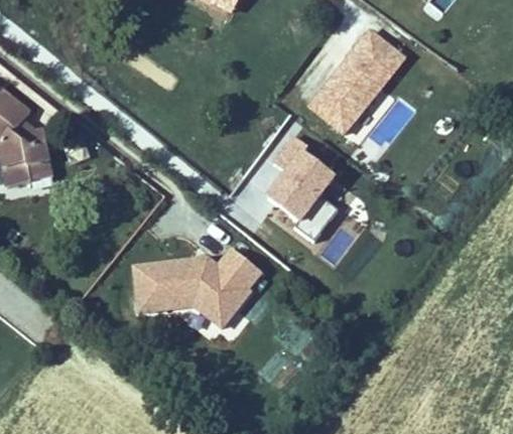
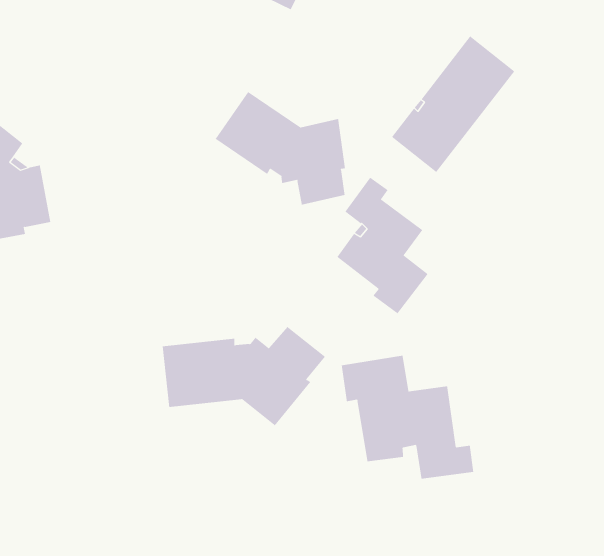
building: none -> [215,91,346,206]
building: none -> [341,355,474,480]

